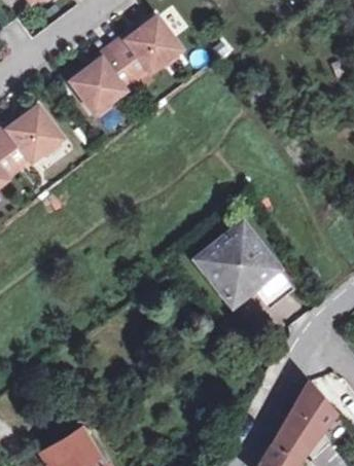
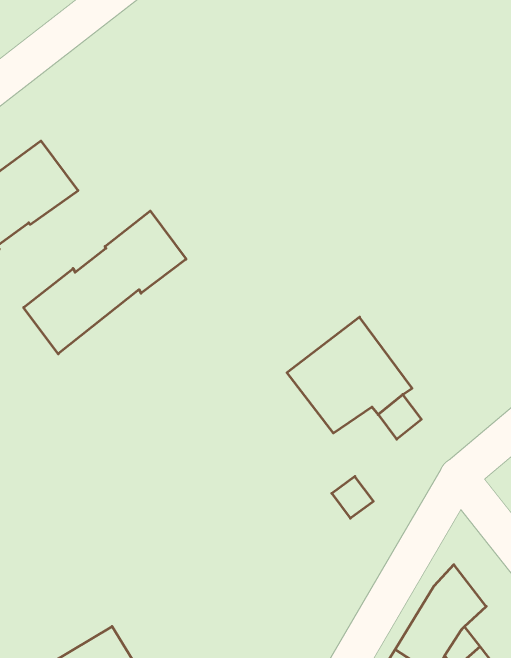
building: [70,17,181,113] -> none
building: none -> [24,211,186,354]

